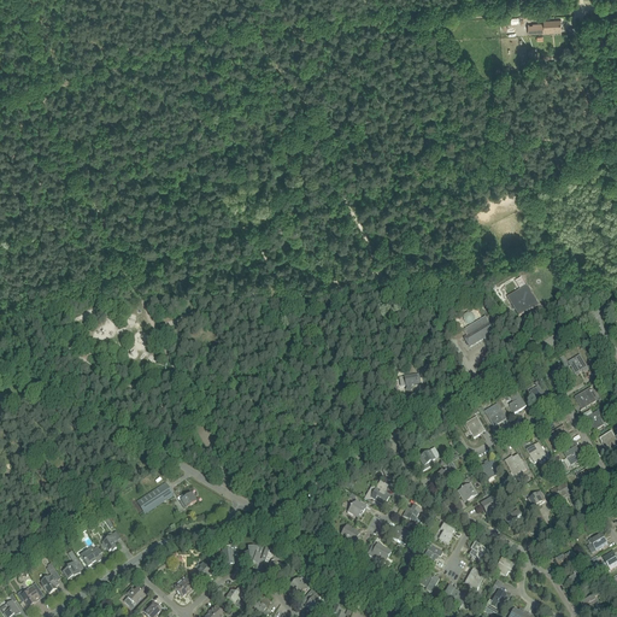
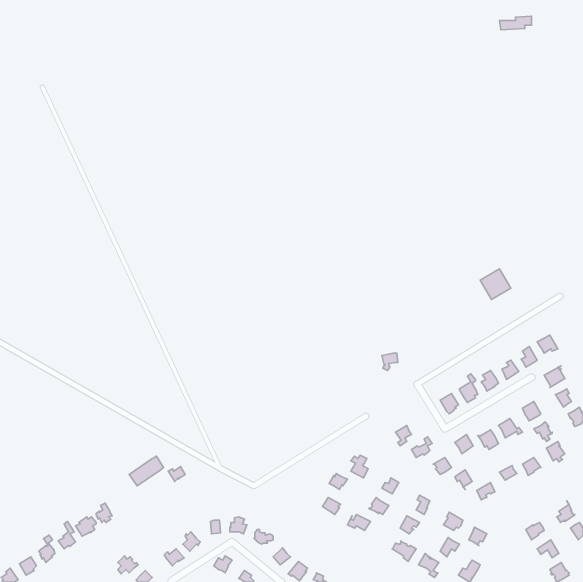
building: [463,315,498,346] -> none

